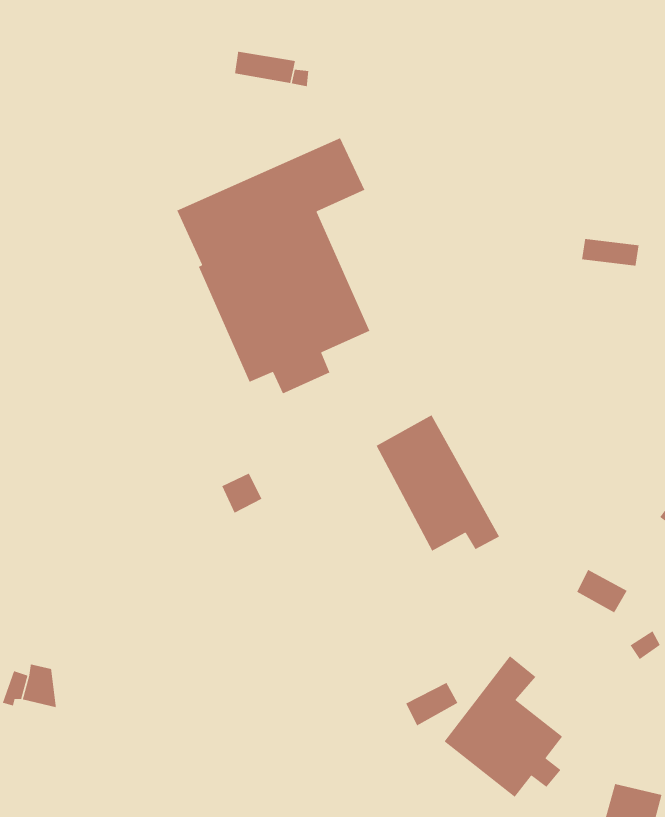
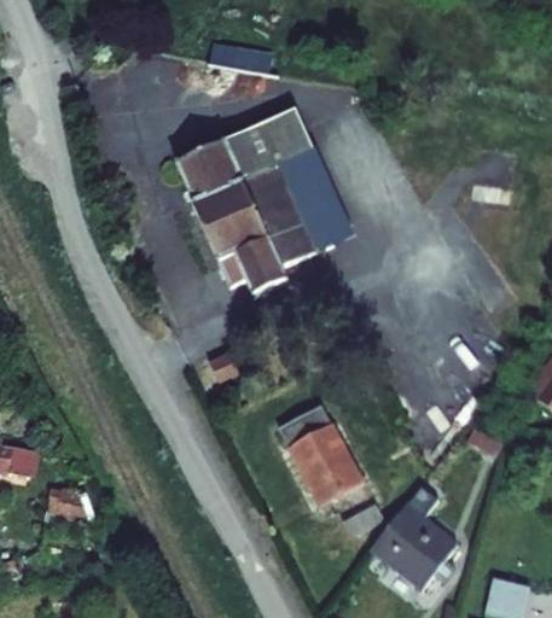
building: none -> [279,147,353,250]
building: [375,414,500,552] -> [279,406,370,506]

